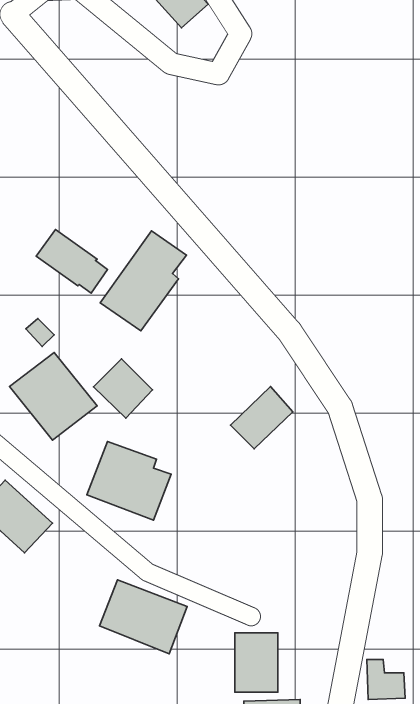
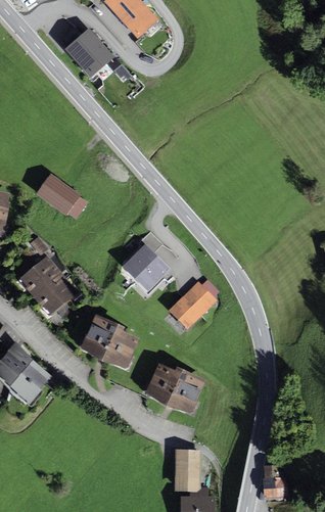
building: none -> [69,30,111,72]
building: [100,231,186,331] -> none
building: [93,359,153,418] -> [126,245,167,286]
building: [100,580,187,654] -> [140,367,200,418]

